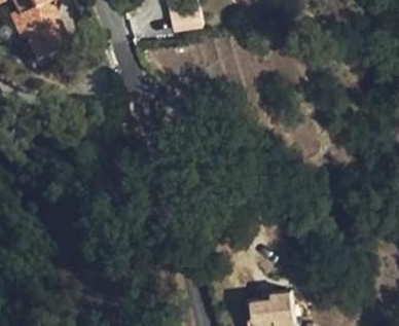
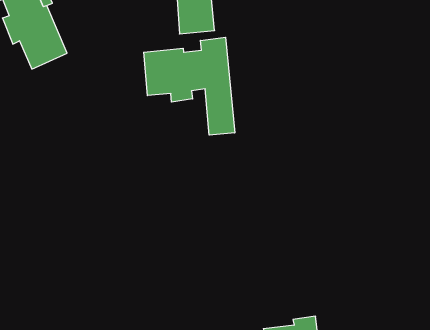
building: none -> [144,37,235,135]

